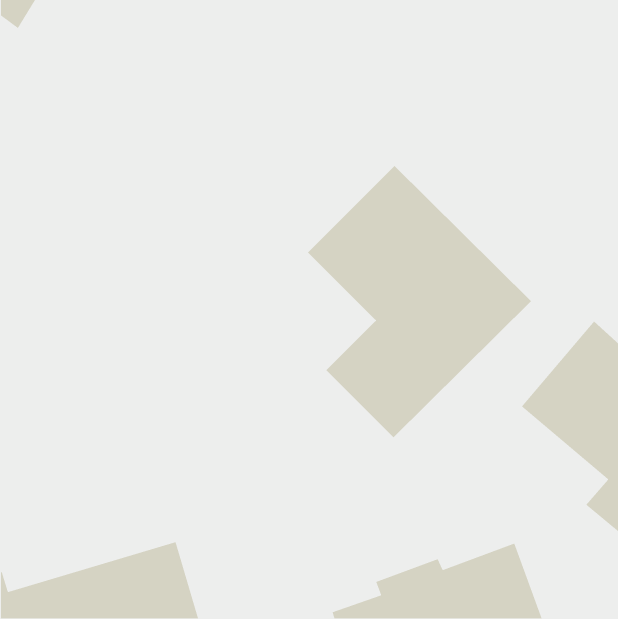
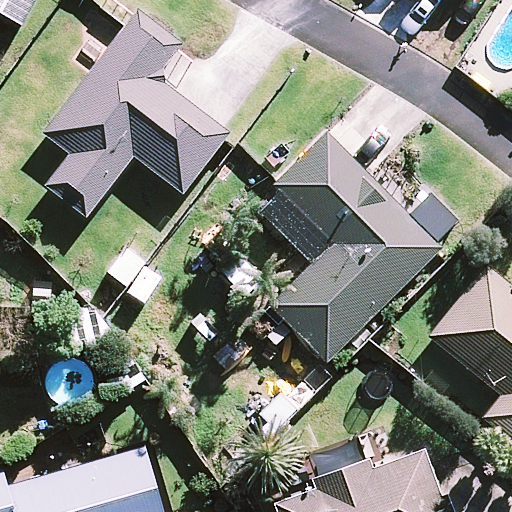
building: none -> [44,11,229,216]

